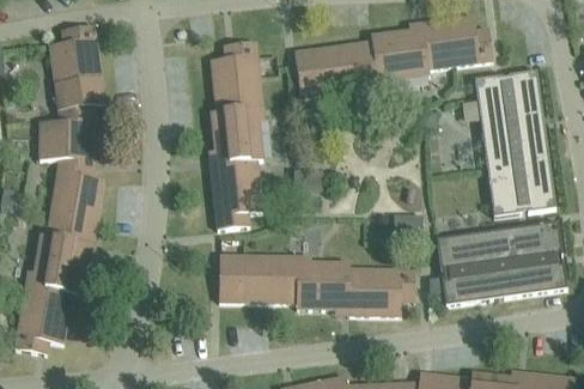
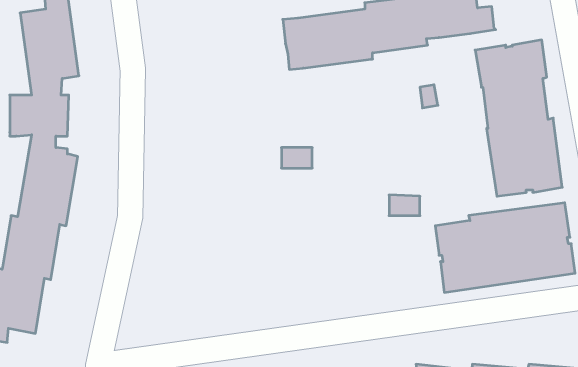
building: [209,41,262,229] -> none
building: [219,255,414,316] -> none

